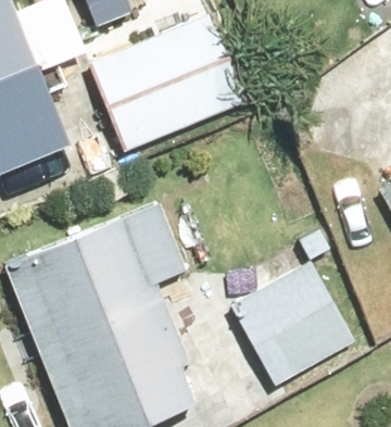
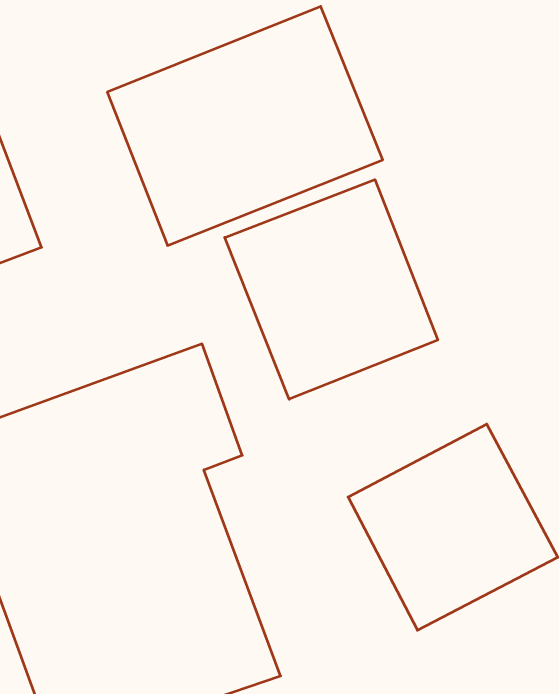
building: none -> [225,180,438,399]

